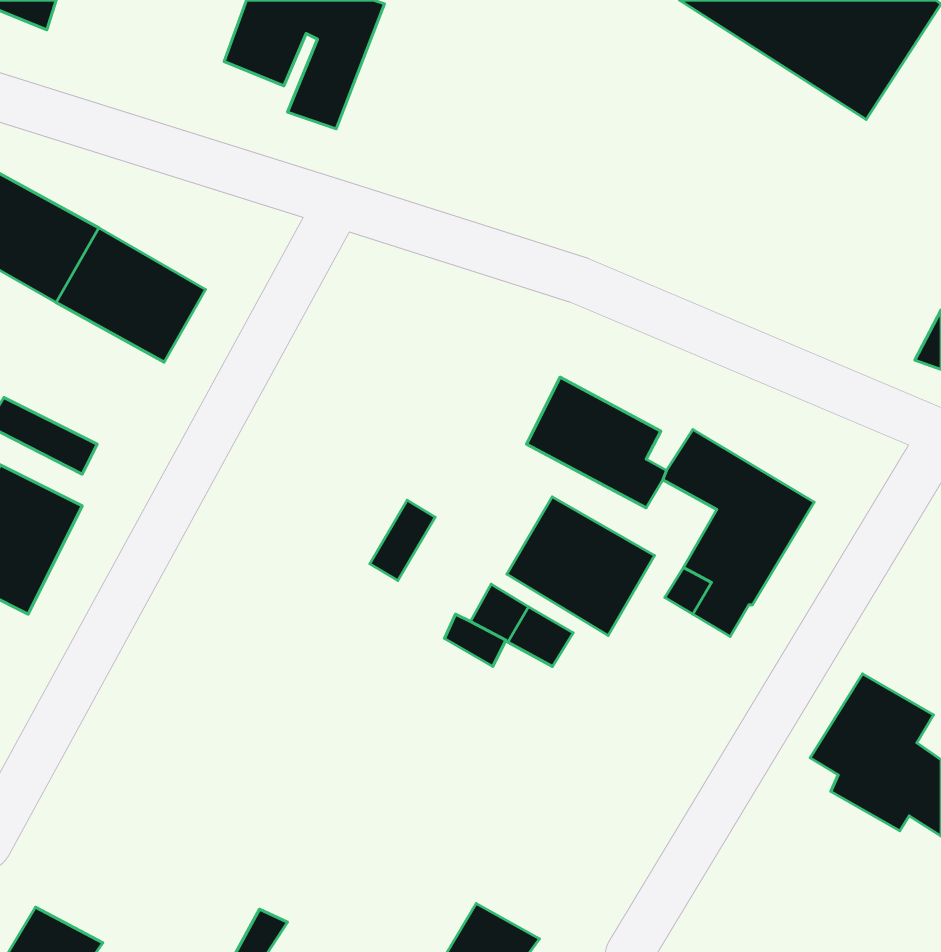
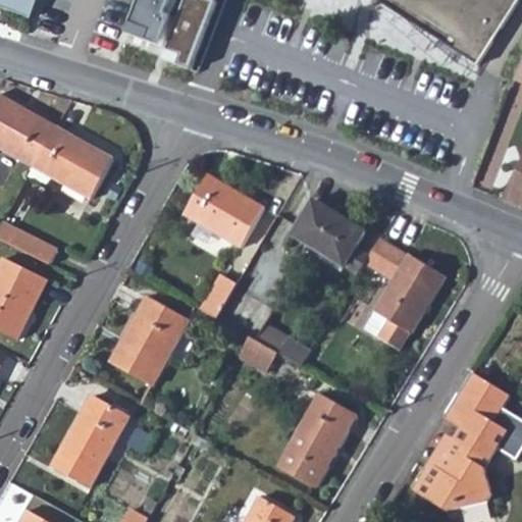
building: none -> [182,173,265,247]
building: [507,497,654,635] -> none
building: none -> [110,295,190,385]
building: none -> [54,393,132,482]
building: none -> [277,393,353,484]
building: none -> [413,433,492,508]

